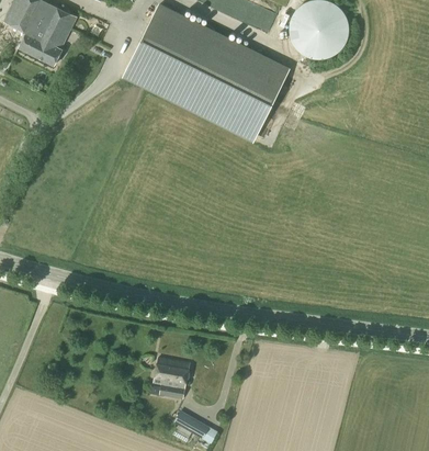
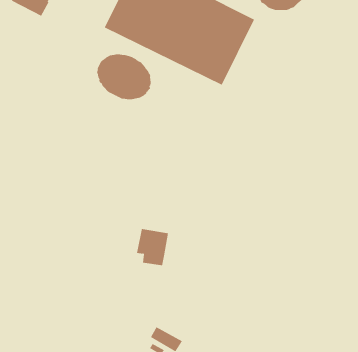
building: none -> [97,53,151,100]
building: [153,358,189,399] -> [136,228,169,266]

